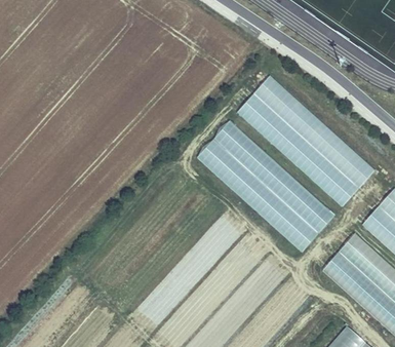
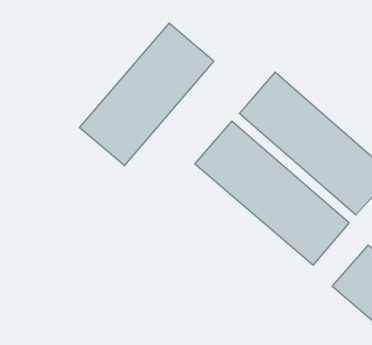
building: none -> [80,23,214,165]

